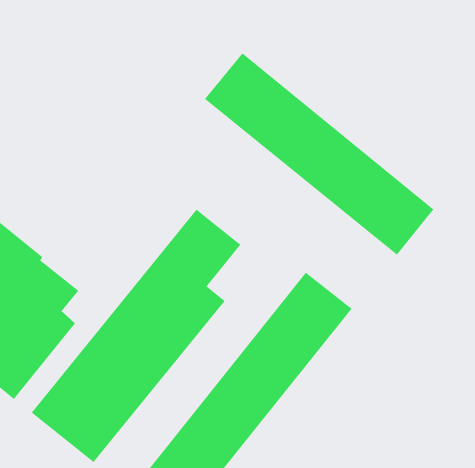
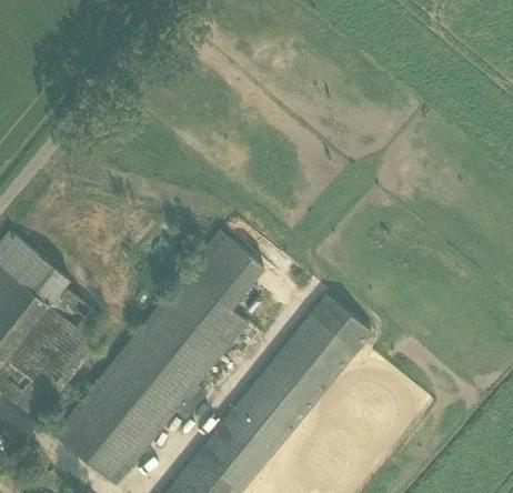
building: [204,53,434,256] -> none

